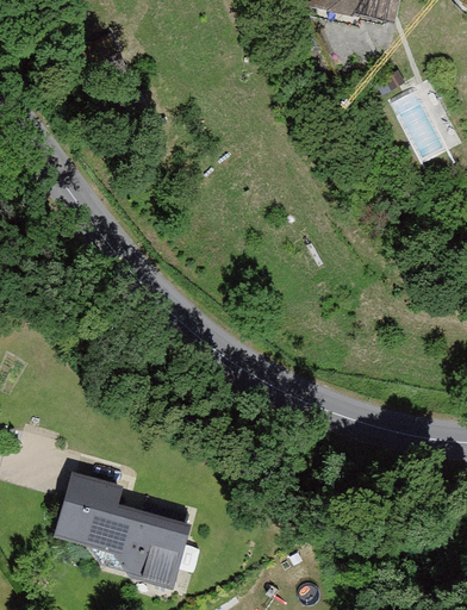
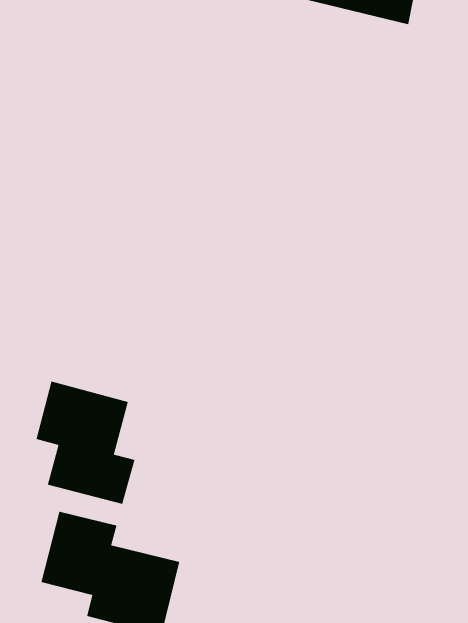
building: none -> [35,380,135,505]

